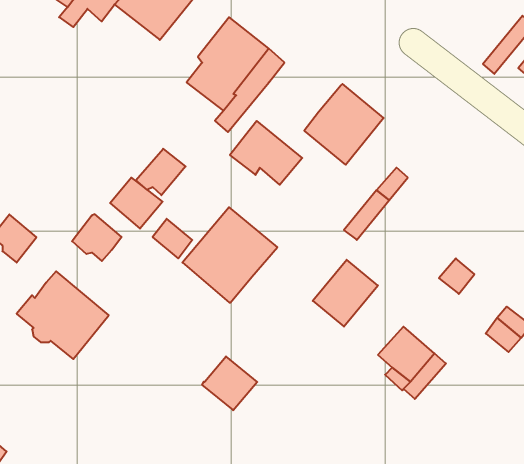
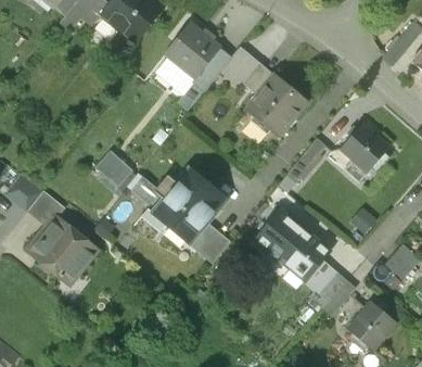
building: [230,121,302,185] -> [219,47,274,96]
building: [136,149,186,195] -> none
building: none -> [341,125,388,172]
building: [72,214,122,261] -> [26,190,64,226]
building: none -> [277,228,330,289]
building: [202,356,257,410] -> [188,222,230,263]
building: none -> [348,302,395,350]

